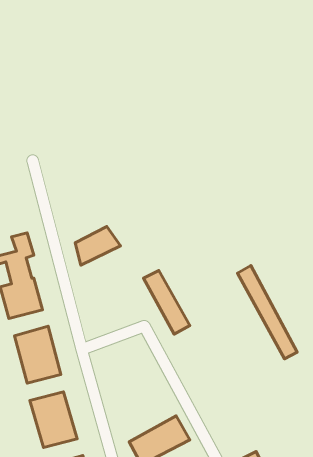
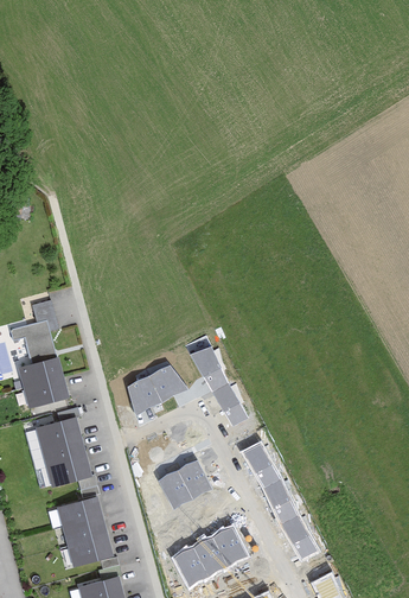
building: [75,226,120,265] -> [129,365,185,413]
building: [237,266,297,359] -> [244,444,318,559]
building: none -> [160,462,211,508]

